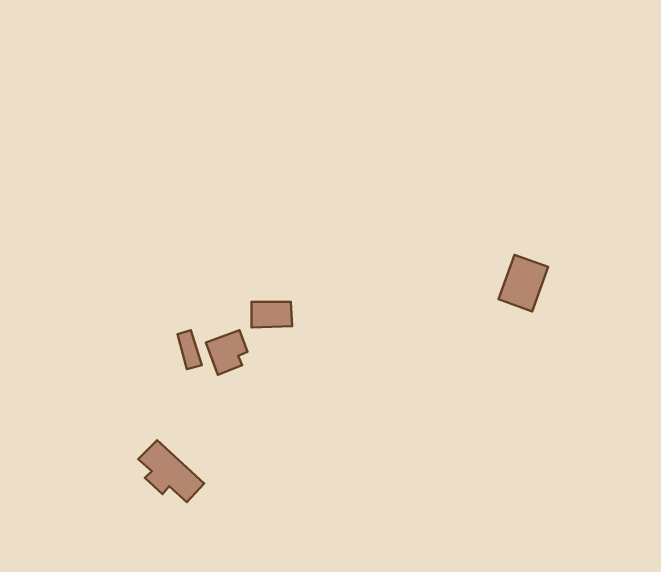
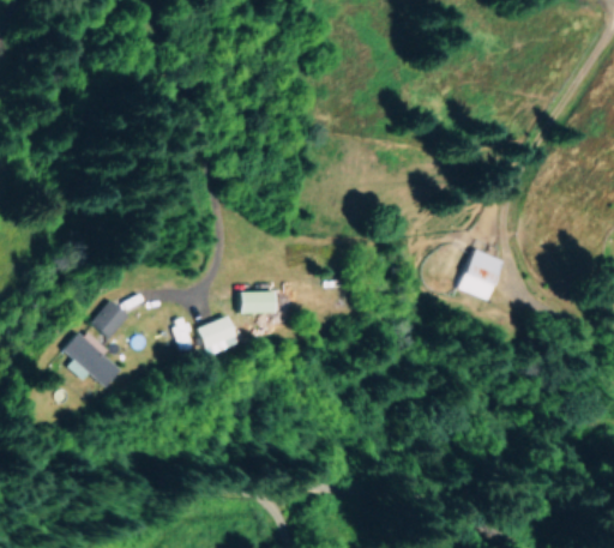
building: none -> [90,300,127,338]
building: [138,440,204,502] -> [61,332,120,387]

